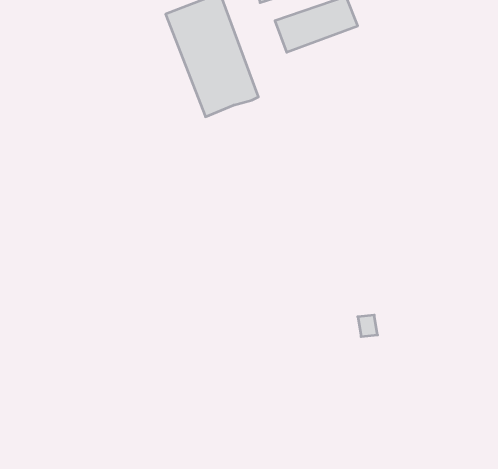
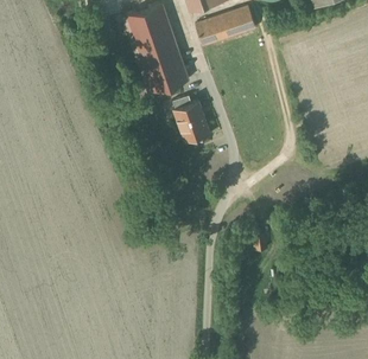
building: none -> [169,81,216,147]

